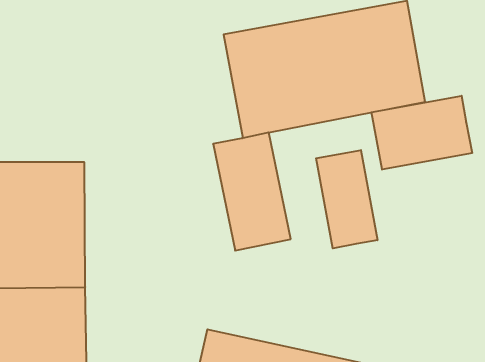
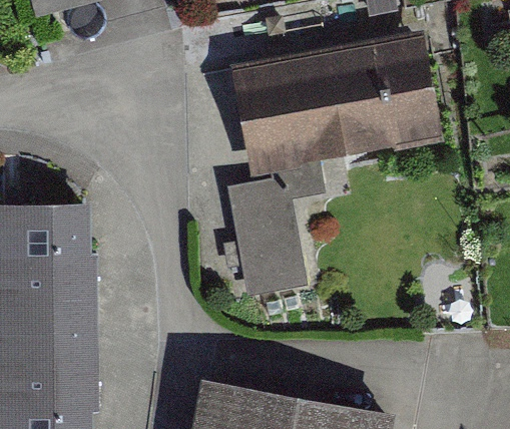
building: [372,96,472,170] -> none
building: [316,150,377,248] -> none

